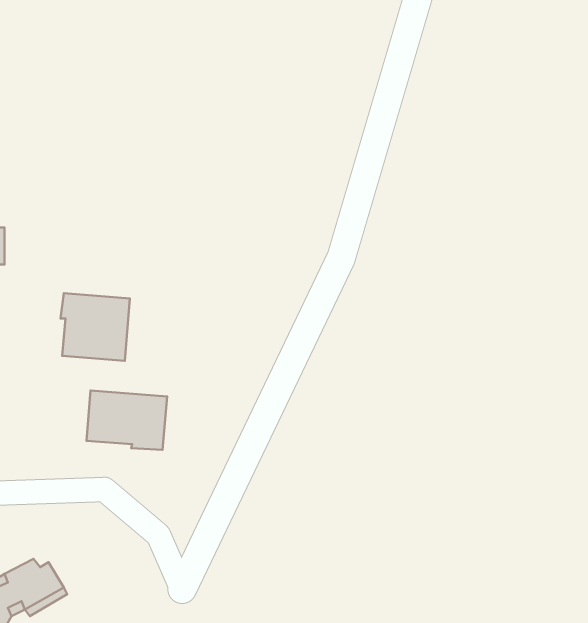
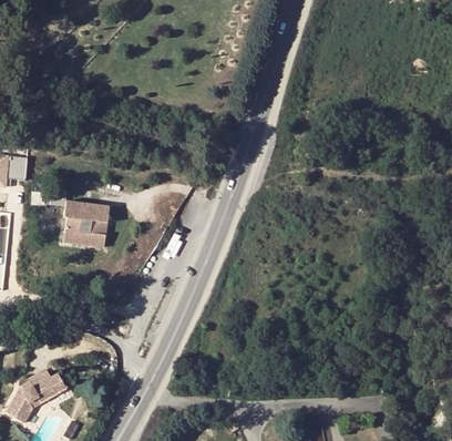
building: [86,390,167,450] -> none

